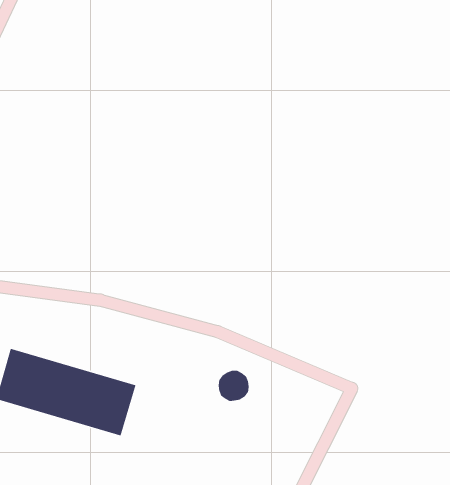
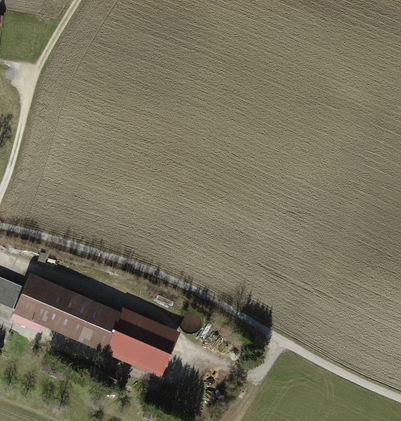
building: none -> [103,309,177,374]

